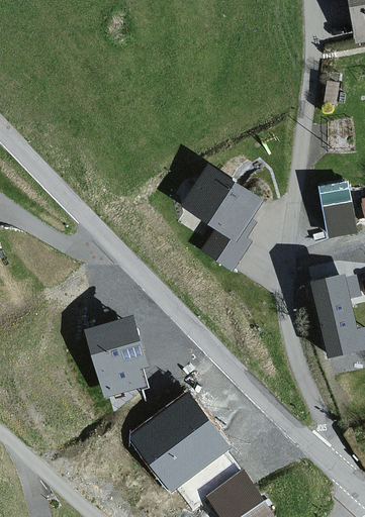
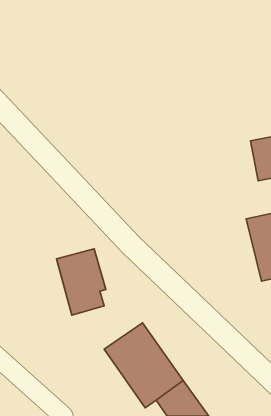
building: [181,169,257,267] -> none

